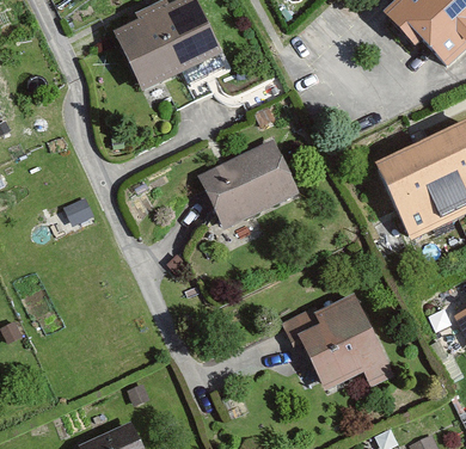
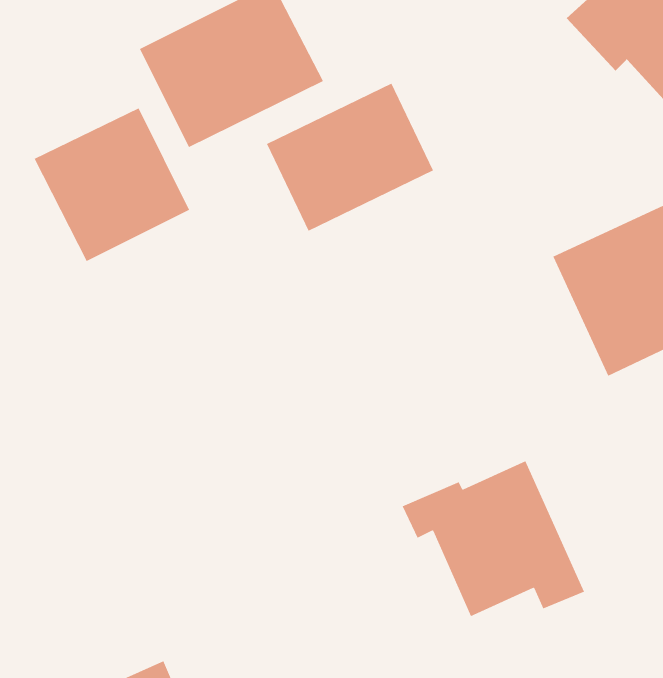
building: none -> [34,108,190,262]
building: [197,137,302,230] -> [266,83,434,231]

